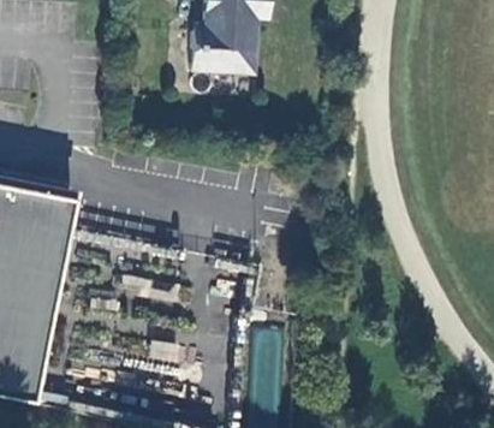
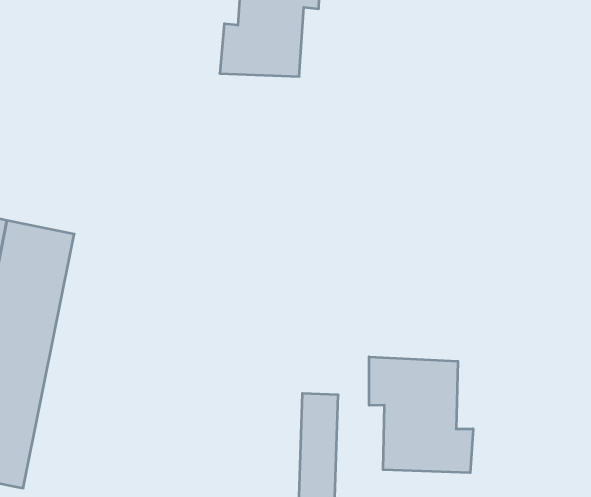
building: none -> [369,357,473,473]

